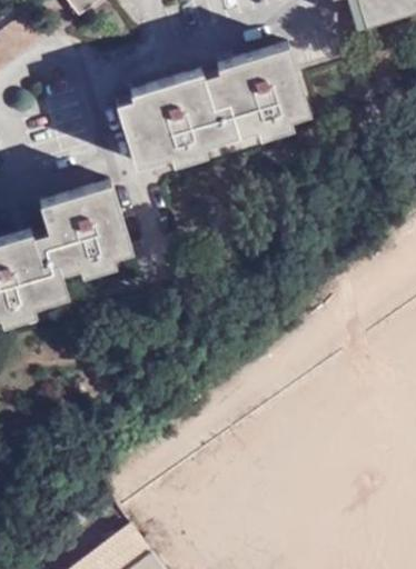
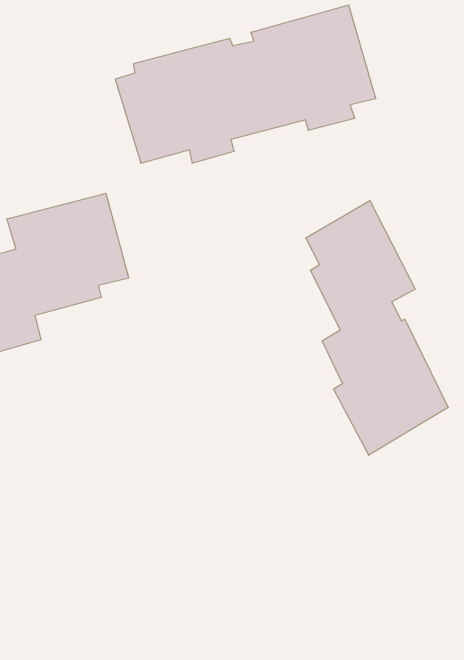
building: none -> [306,200,448,455]

